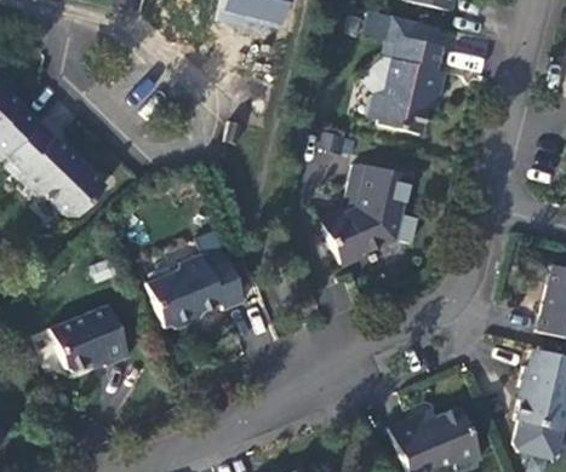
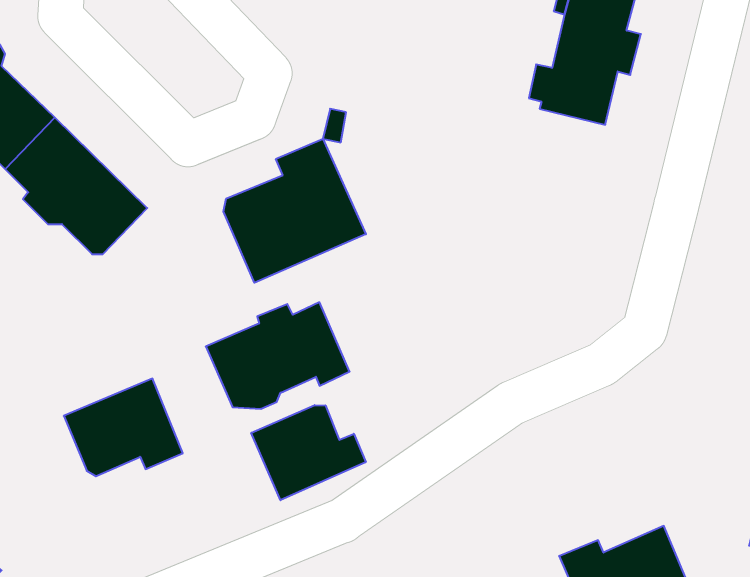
building: none -> [223,139,366,283]
building: [322,163,410,263] -> none
building: none -> [251,405,366,500]

